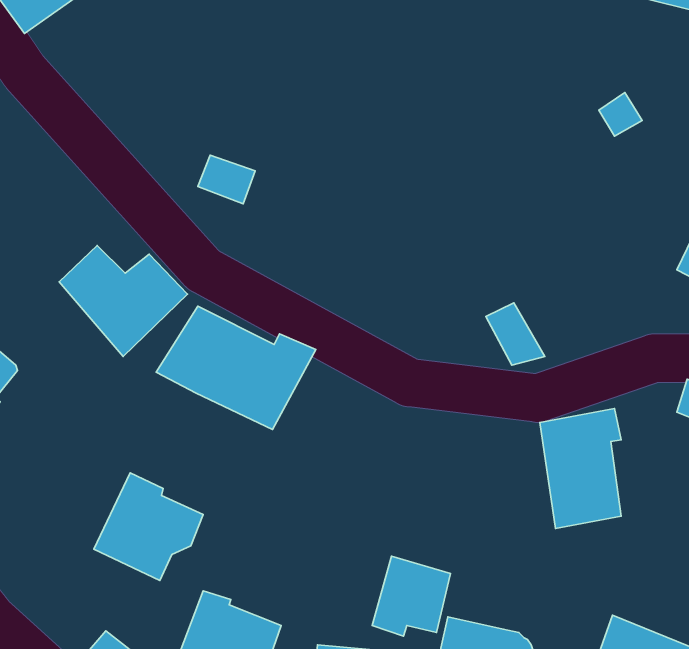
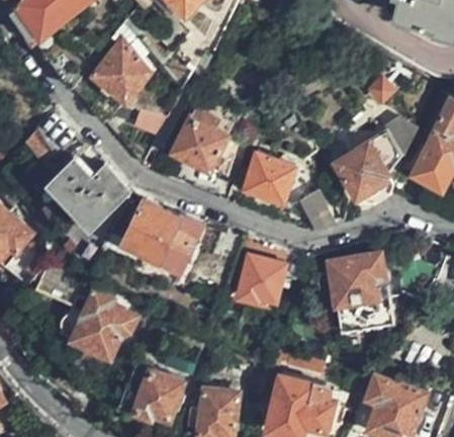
building: none -> [93,42,149,101]
building: none -> [174,118,232,176]
building: none -> [335,136,400,200]
building: none -> [245,156,292,202]
building: [372,556,450,636] -> [237,259,282,305]

